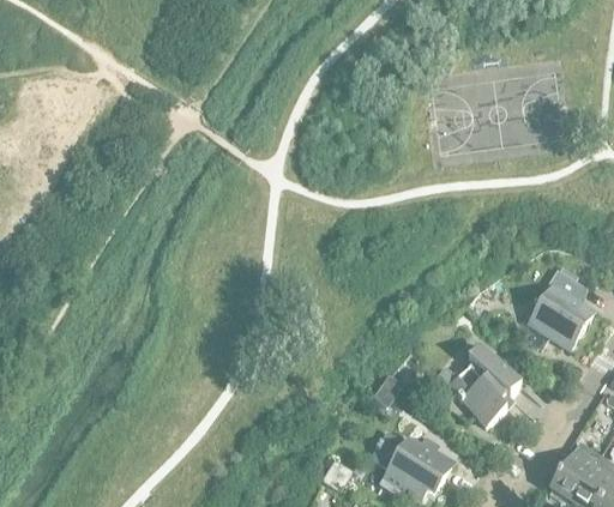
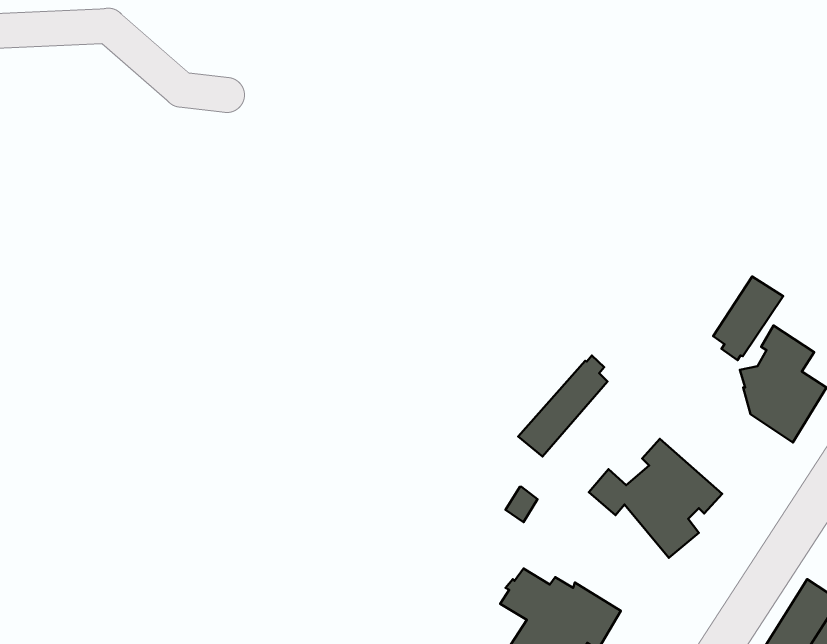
building: none -> [713,277,783,360]
building: none -> [518,356,607,456]

